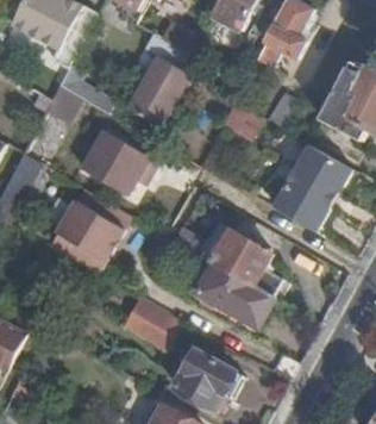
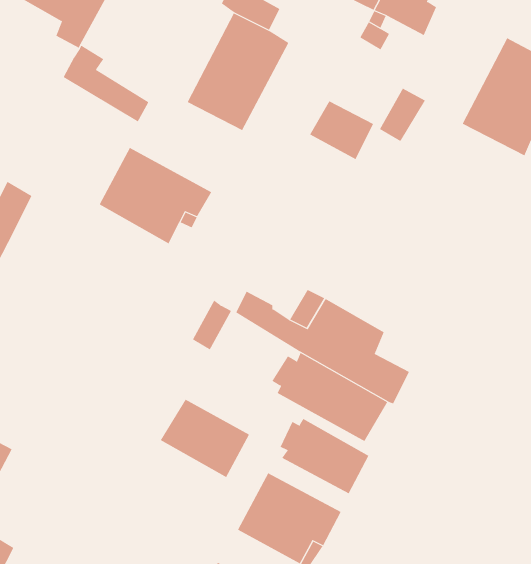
building: [271,143,350,232] -> none
building: [49,189,129,275] -> none
building: none -> [280,418,369,494]

